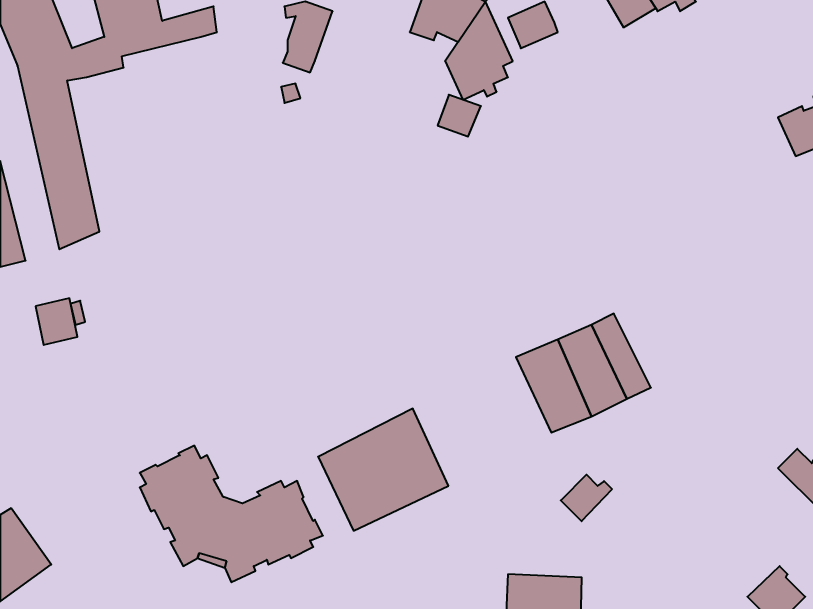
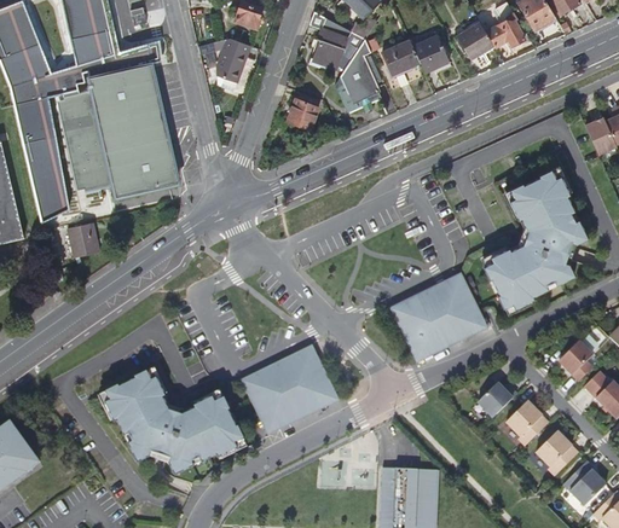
building: none -> [417,42,452,80]
building: none -> [65,64,178,197]
building: [438,95,481,137] -> [288,97,320,128]
building: none -> [485,172,589,315]
building: [36,298,77,345] -> [68,222,99,257]
building: none -> [559,341,592,381]
building: [561,475,612,521] -> [478,383,516,418]
building: none -> [507,401,548,446]
building: none -> [536,431,578,476]

